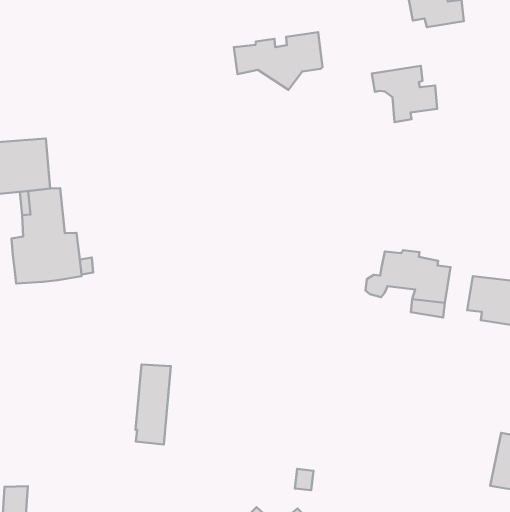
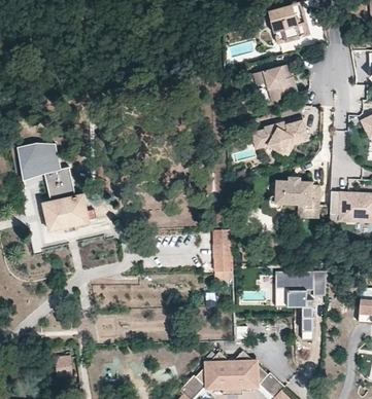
building: [234,32,322,90] -> [249,117,306,155]
building: [136,364,171,445] -> [212,229,232,279]
building: none -> [275,271,326,340]

